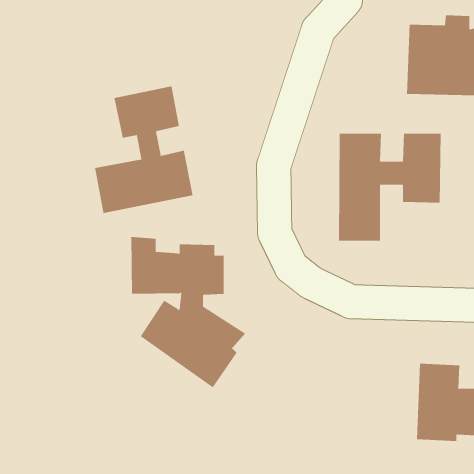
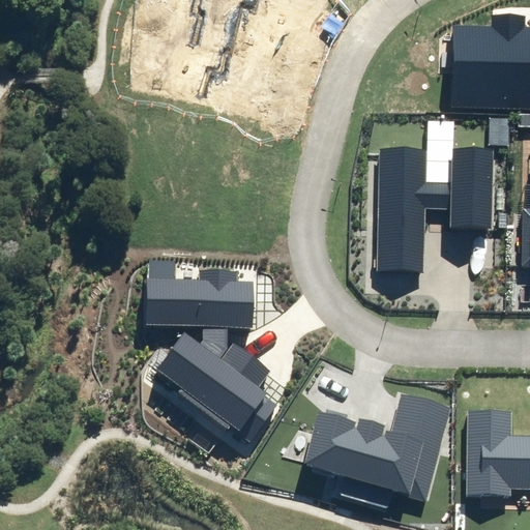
building: [94,85,193,214] -> none
building: none -> [299,391,450,500]

